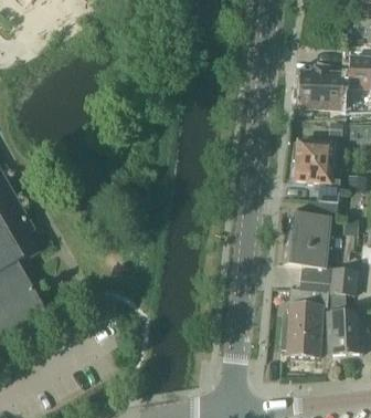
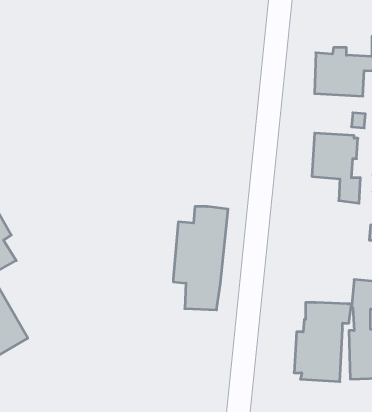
building: [289,200,337,290] -> [173,207,228,310]

